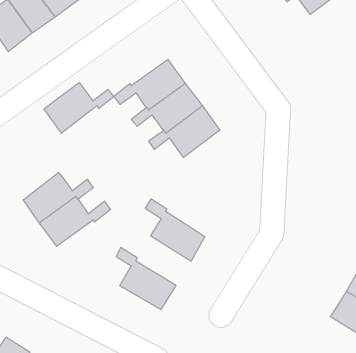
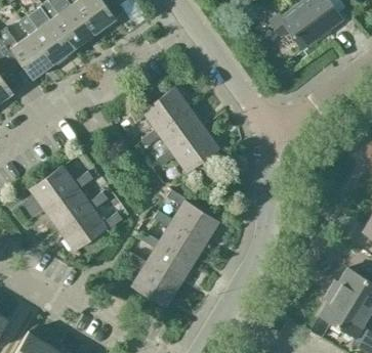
building: [44,83,114,133] -> [29,167,91,212]
building: none -> [167,190,220,245]
building: none -> [140,232,194,288]

